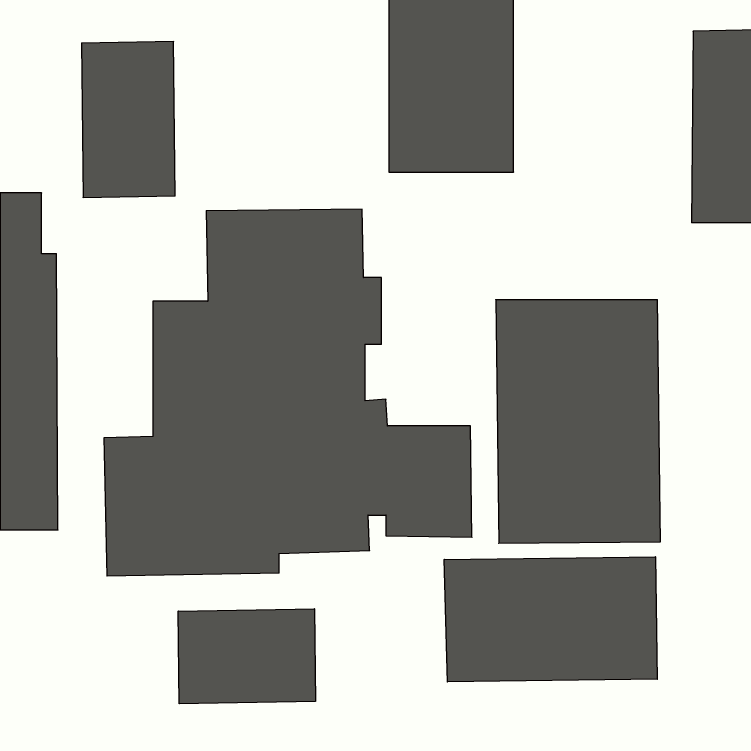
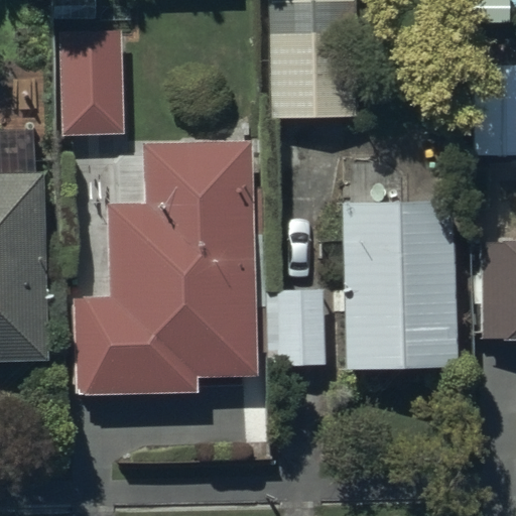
building: [444,557,657,682] -> none
building: [178,609,315,704] -> none

